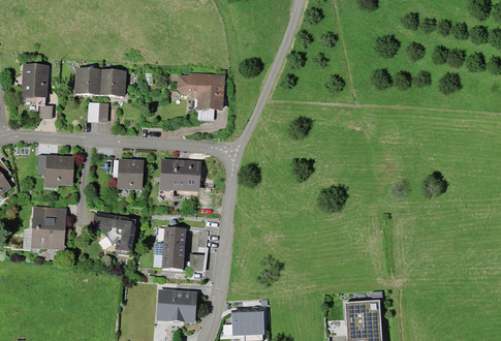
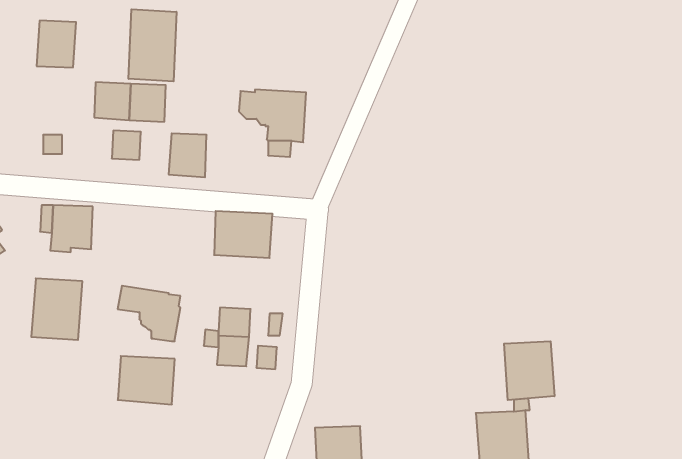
building: none -> [129,9,176,81]
building: [21,65,49,98] -> [37,21,76,67]
building: [116,159,143,190] -> [169,133,207,177]
building: none -> [504,341,554,400]
building: [156,289,196,323] -> [118,356,175,404]

